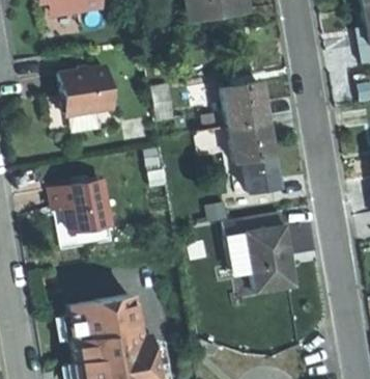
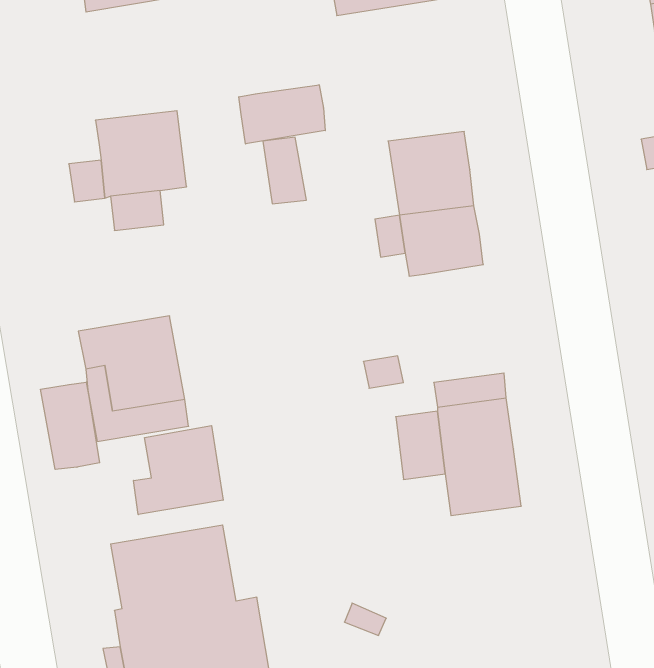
building: none -> [239,85,325,144]
building: [240,153,278,191] -> none
building: none -> [41,382,100,469]
building: none -> [134,426,223,515]

